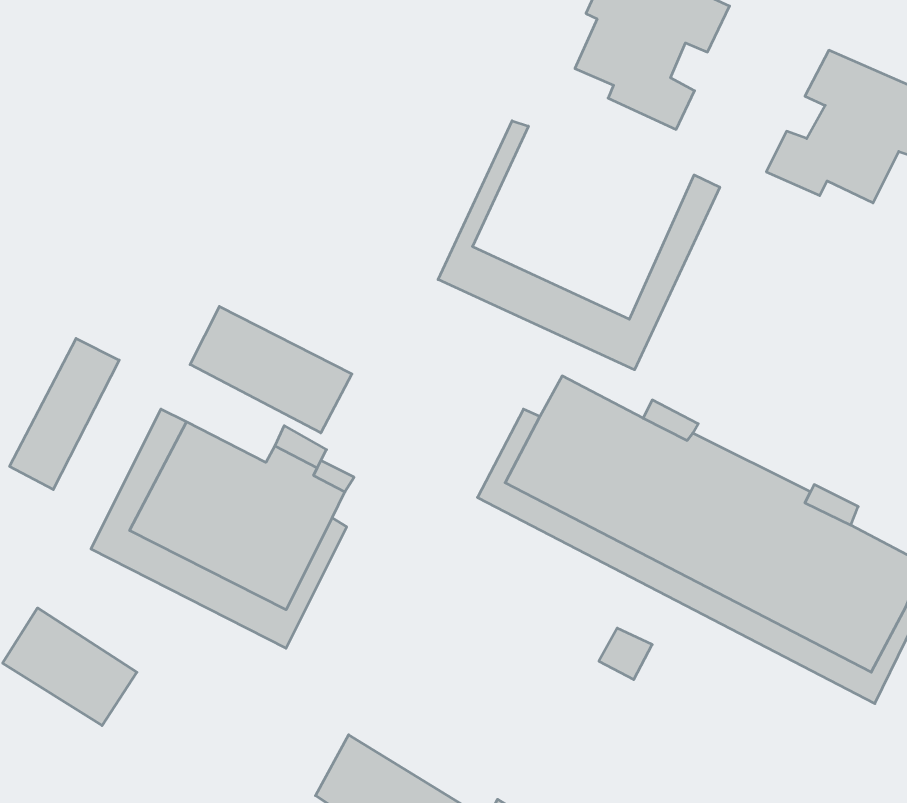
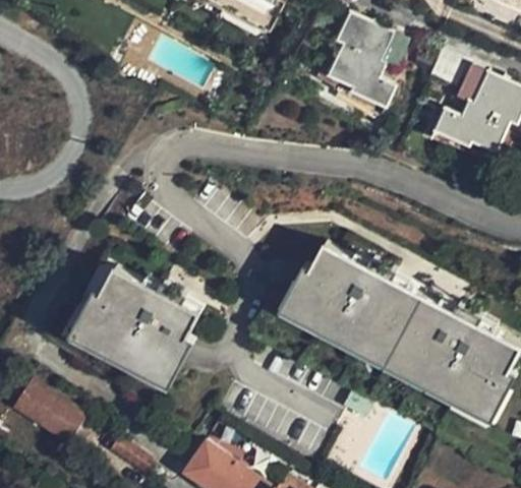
building: [438,121,720,370] -> none
building: [190,306,352,433] -> none
building: [10,338,119,490] -> none

